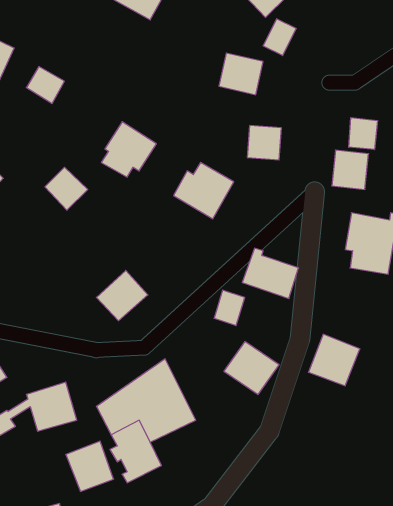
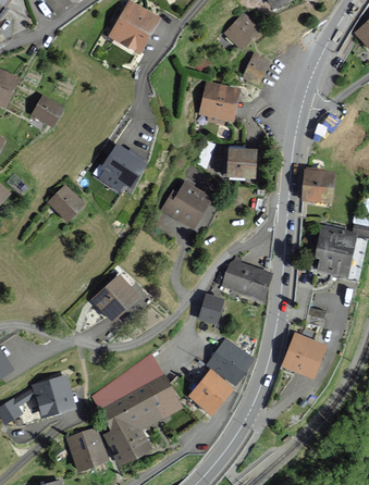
building: [349,118,377,150] -> none
building: none -> [188,369,233,414]

